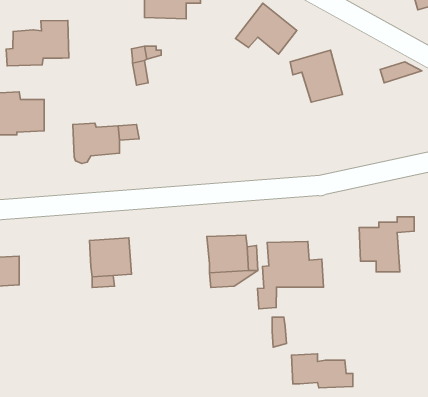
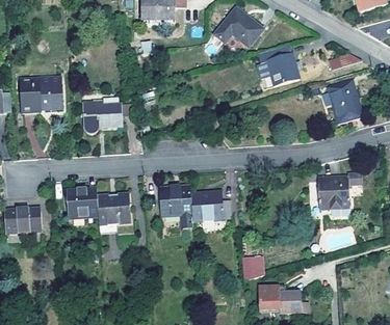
building: [6,20,69,66] -> none
building: none -> [327,80,362,124]
building: none -> [159,185,192,216]
building: none -> [66,187,98,218]
building: [258,241,324,309] -> none

